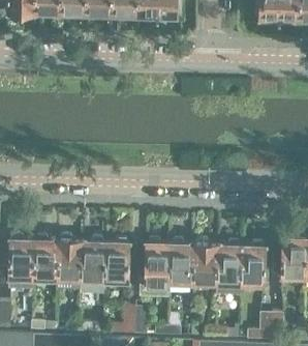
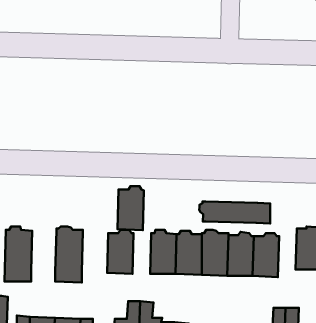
building: none -> [199,201,270,223]
building: [33,239,57,281] -> none
building: [81,240,105,282] -> [117,186,144,230]

